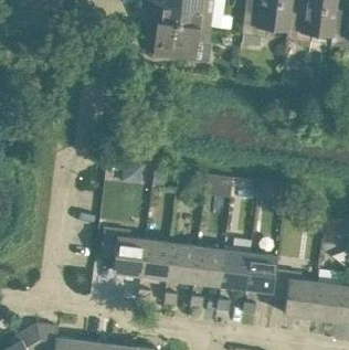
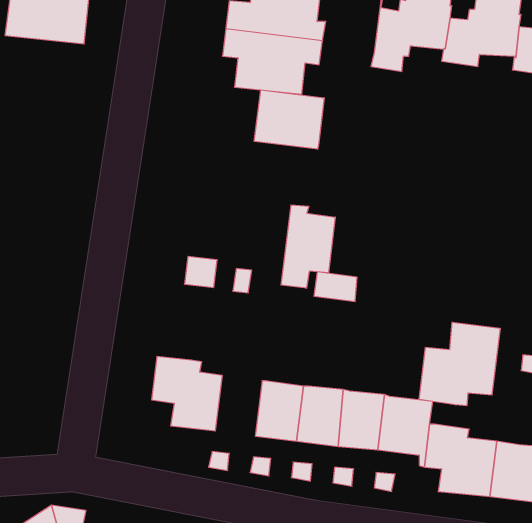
building: none -> [254,90,324,149]
building: none -> [281,205,335,288]
building: none -> [419,322,500,406]
building: [141,241,171,279] -> none

